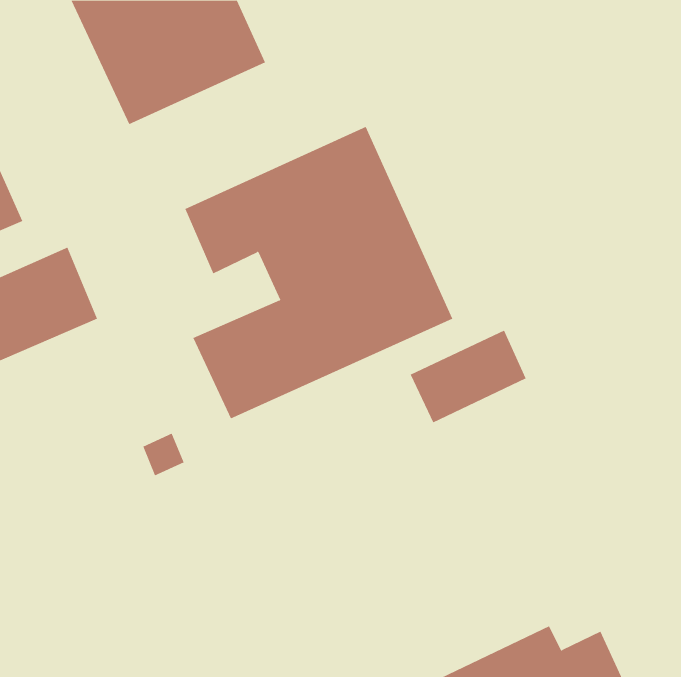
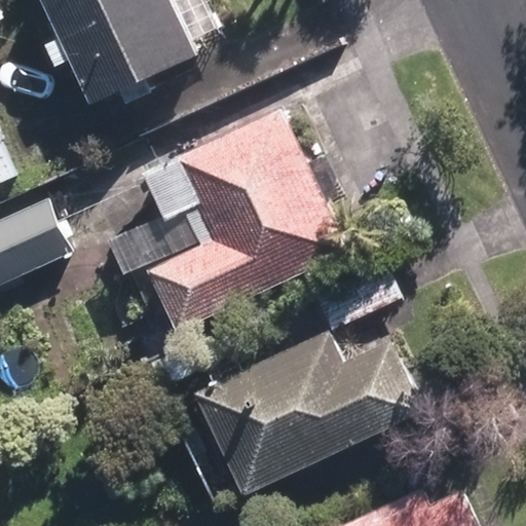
building: none -> [189,331,418,495]

